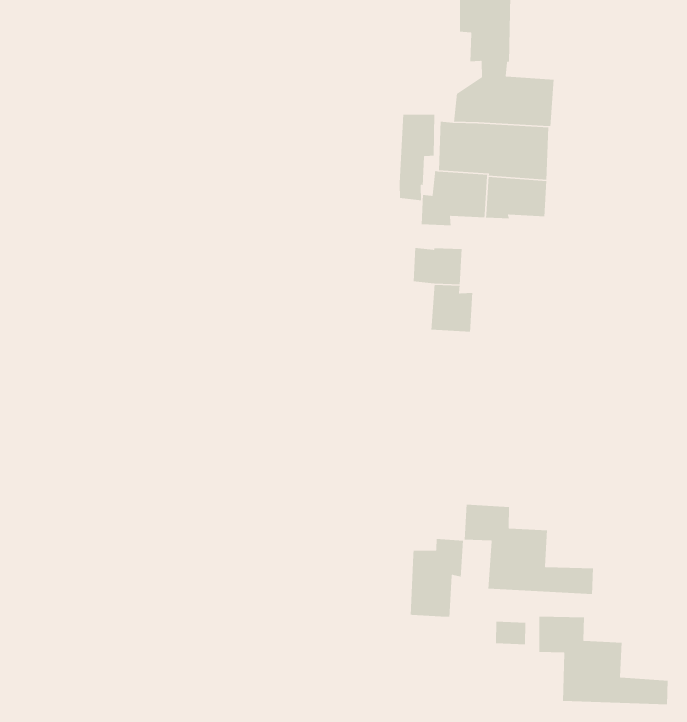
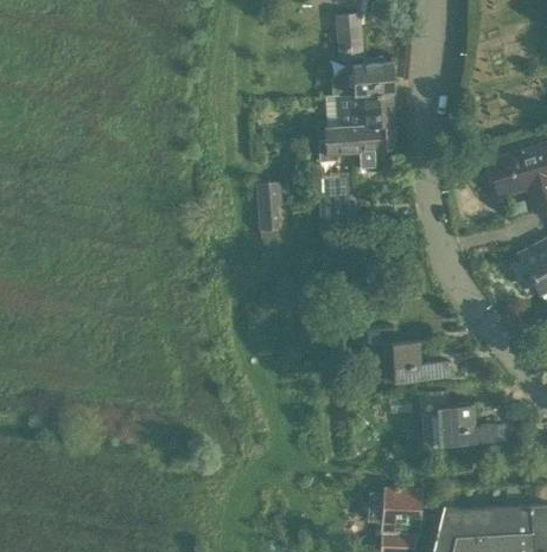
building: [399,114,435,201] -> [259,182,281,237]
building: [410,538,464,618] -> none

